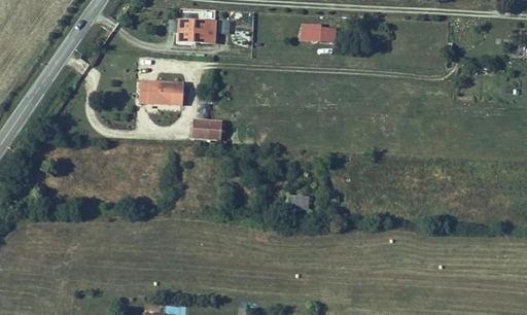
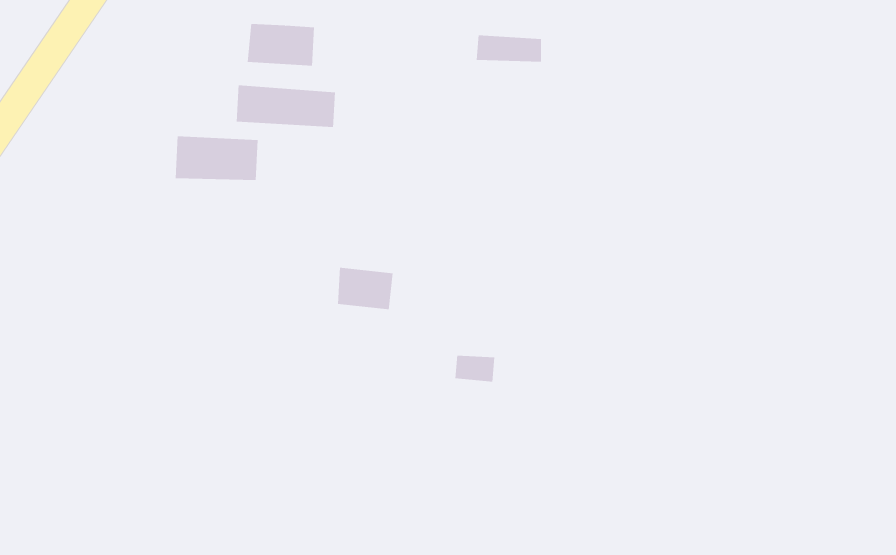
building: none -> [236,85,336,128]
building: [191,118,221,141] -> [337,267,393,310]

